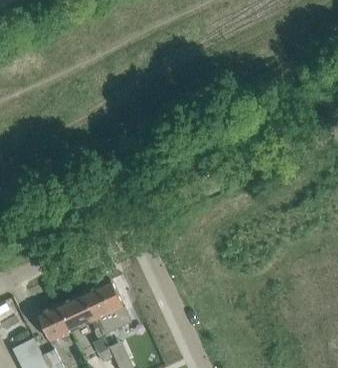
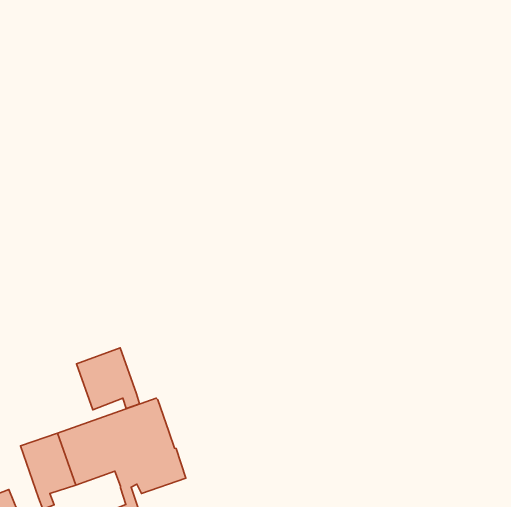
building: none -> [76,348,140,410]

